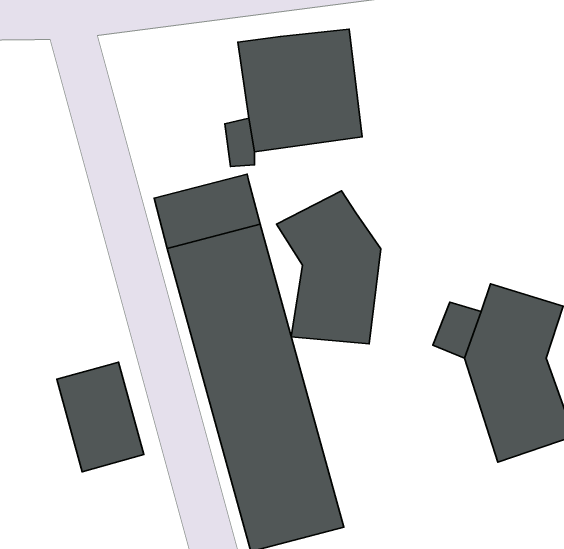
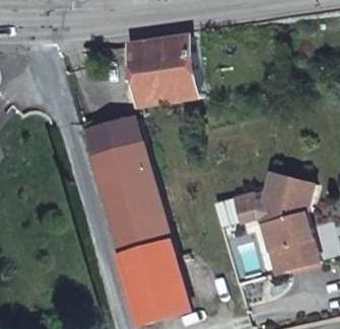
building: [277,191,381,344] -> none
building: [57,362,144,472] -> none

